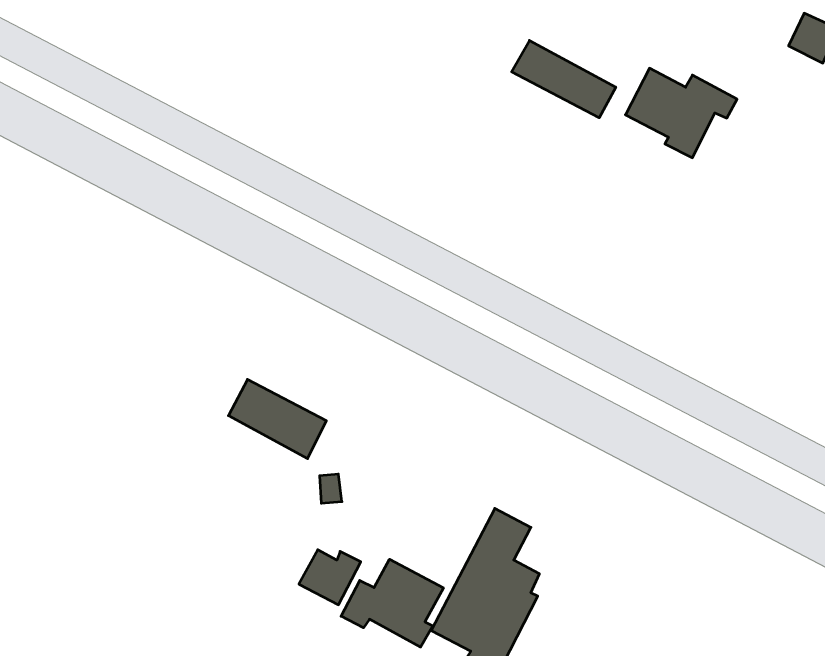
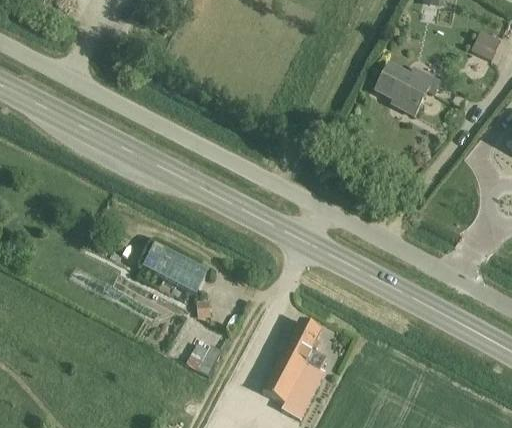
building: [512,40,616,118] -> none
building: [341,559,443,647] -> none

